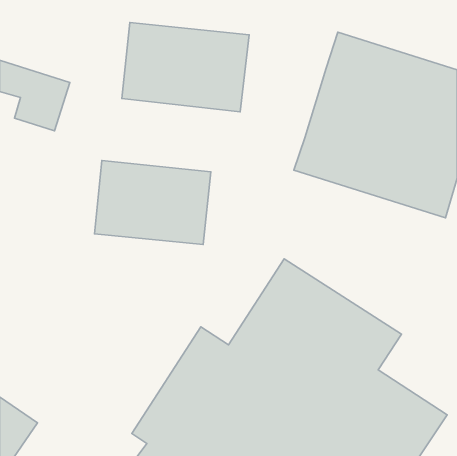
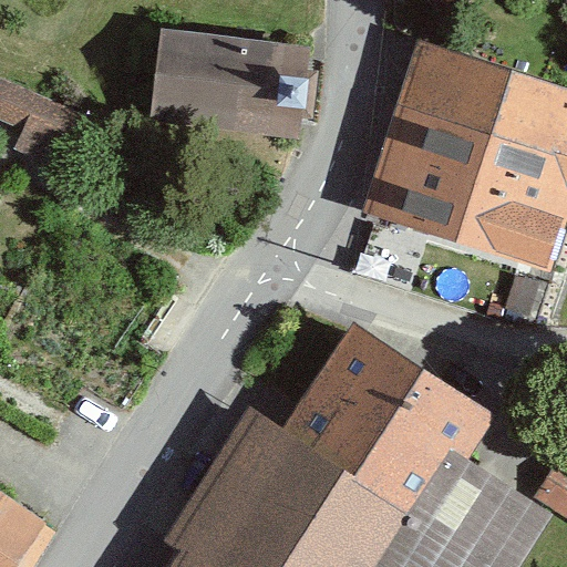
building: [95,160,211,245] -> none

